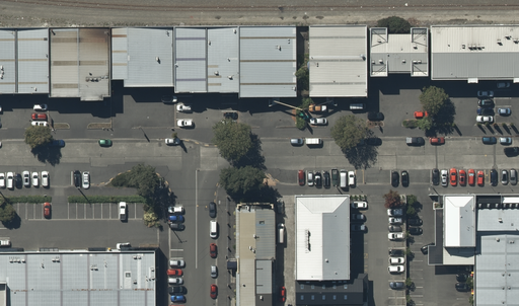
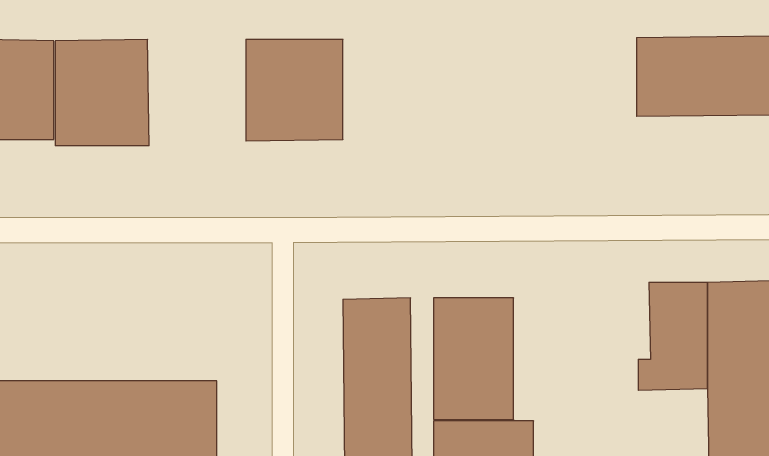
building: [309,27,365,99] -> none
building: [110,29,171,89] -> none
building: [236,29,297,99] -> none
building: [370,30,425,77] -> none

